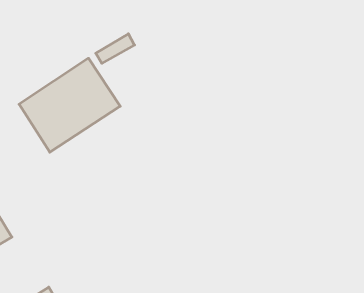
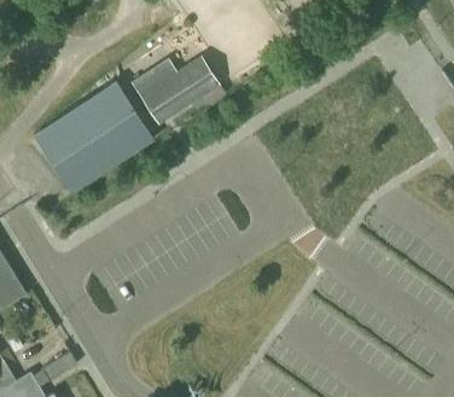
building: none -> [141,59,225,124]

